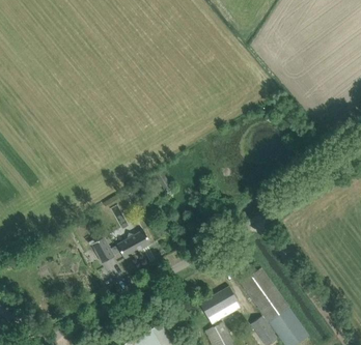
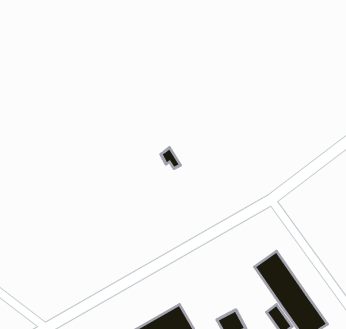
building: [91,233,150,265] -> none
building: [198,288,238,320] -> none

